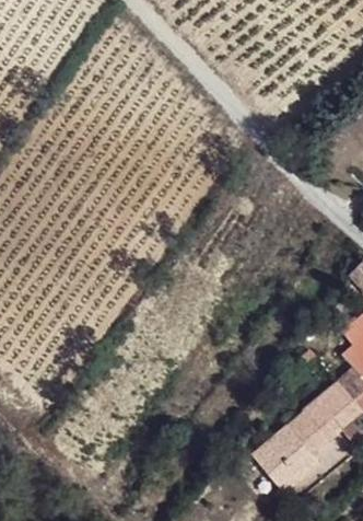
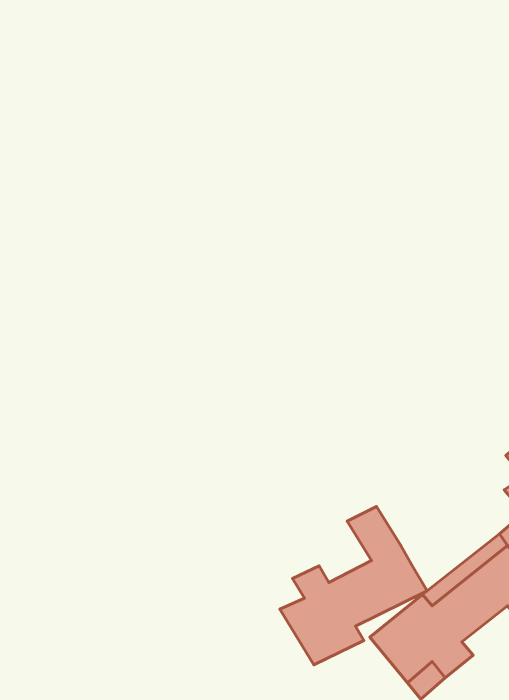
building: none -> [280,506,427,665]

